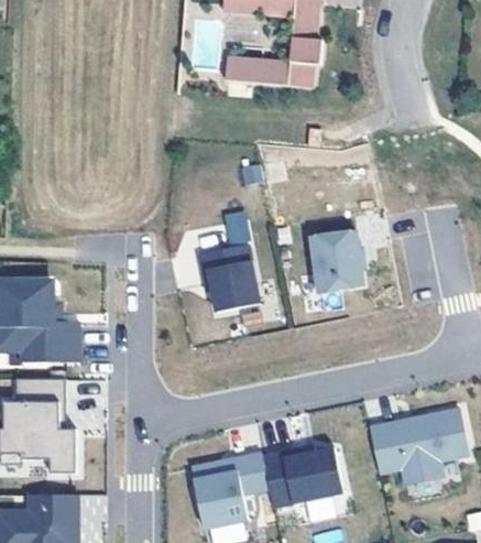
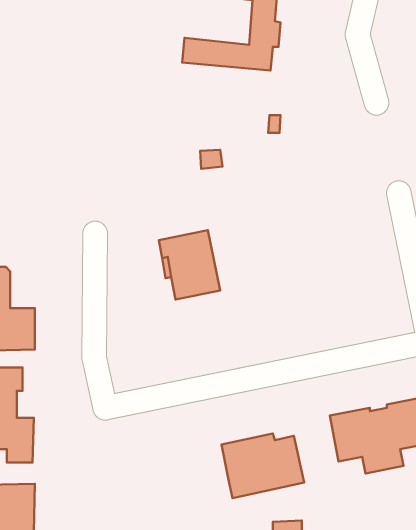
building: [310,229,365,293] -> none
building: [190,453,269,529] -> none

